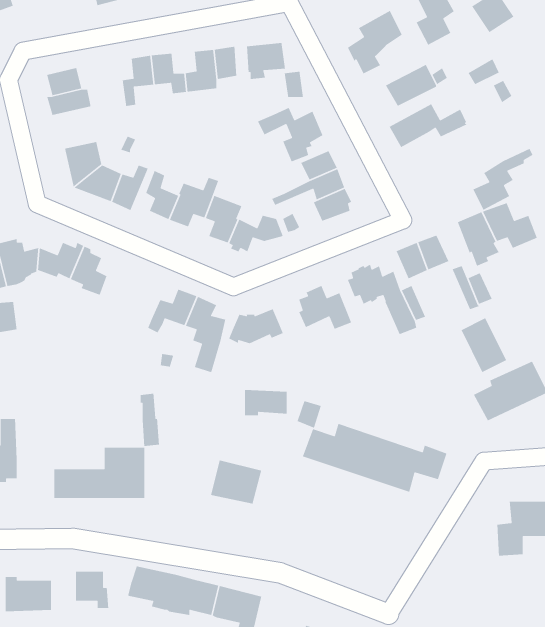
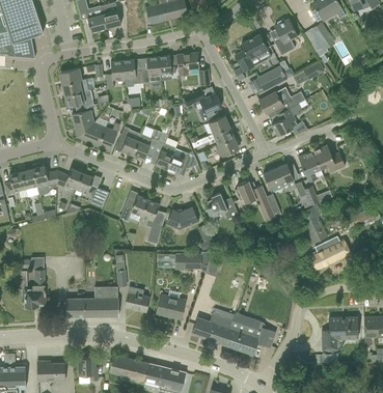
building: none -> [64,89,93,109]
building: [472,148,534,211] -> [271,101,306,137]
building: [302,423,448,493] -> [191,314,275,355]
building: none -> [125,287,149,311]

